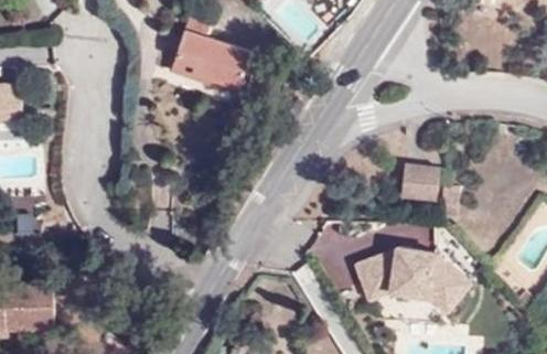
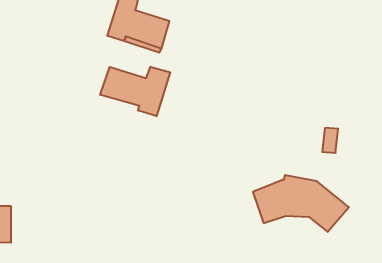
building: none -> [100,67,170,116]
building: [403,162,440,197] -> none

